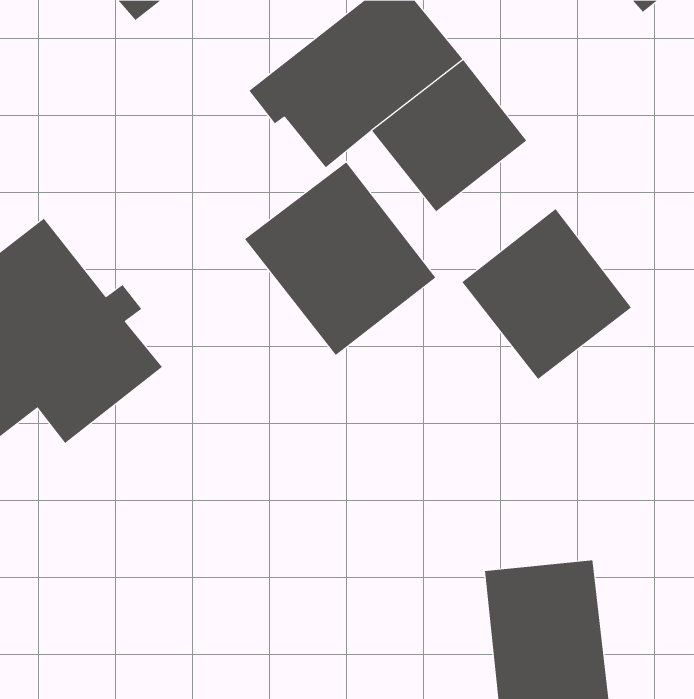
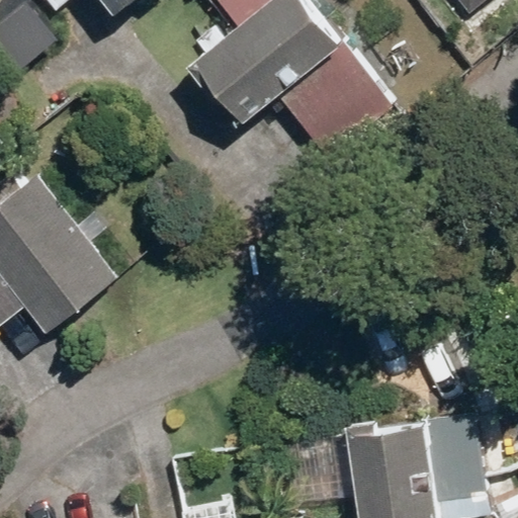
building: [244,161,436,356] -> none
building: [462,208,632,380] -> none

